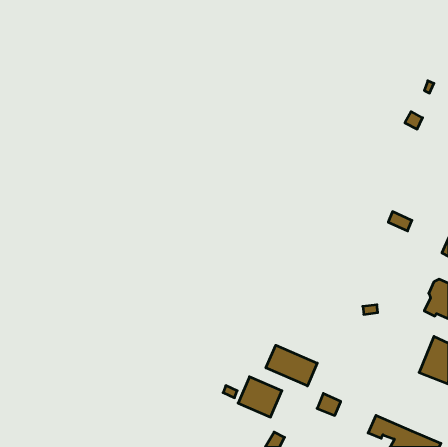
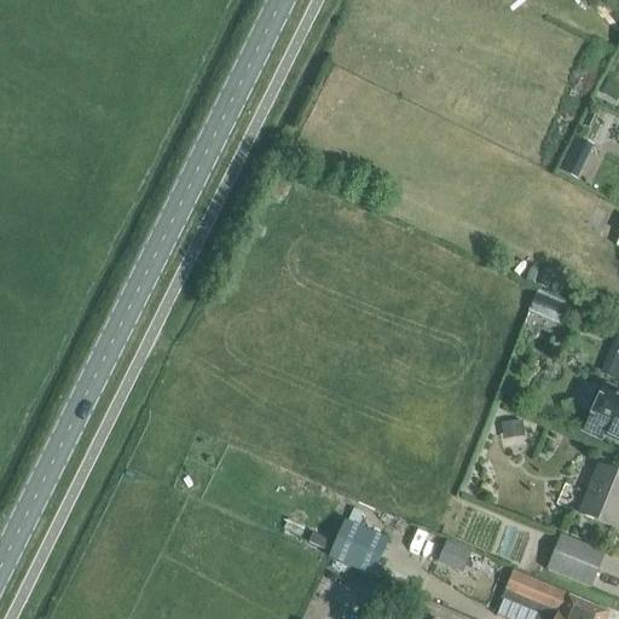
building: [266,345,317,386] -> none
building: none -> [548,533,606,586]

